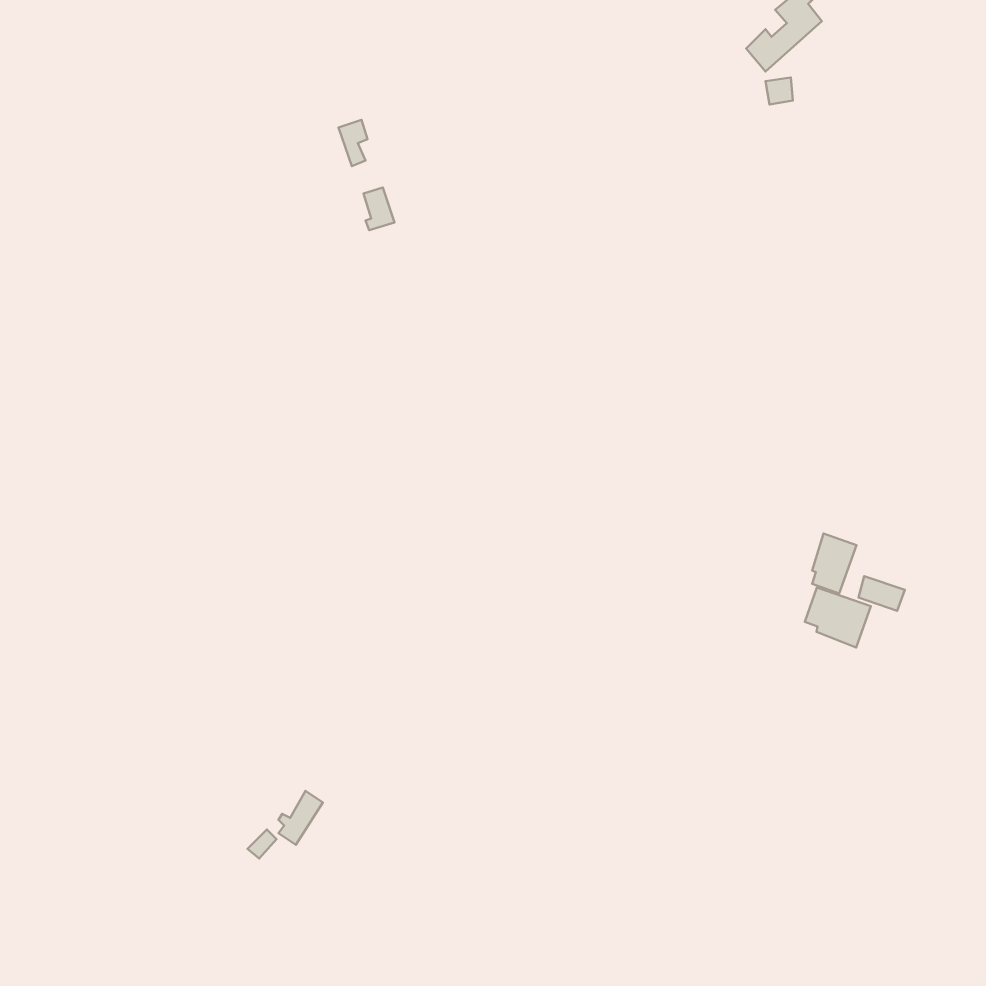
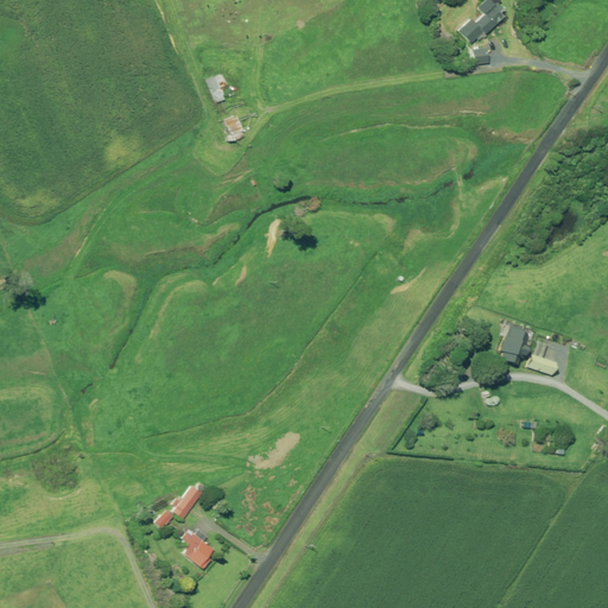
building: [805,588,871,648] -> none
building: none -> [182,530,214,569]

